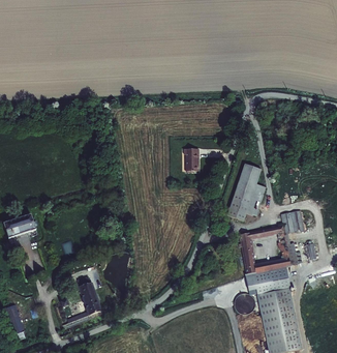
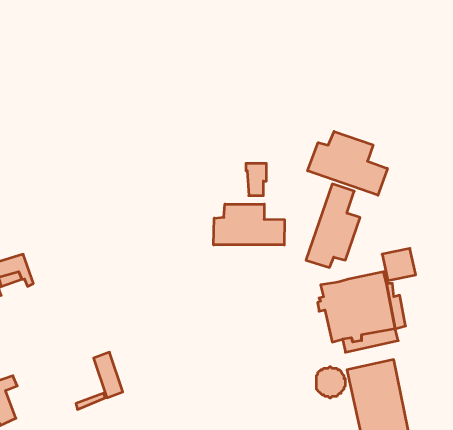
building: none -> [308,131,387,195]
building: none -> [214,204,284,245]

